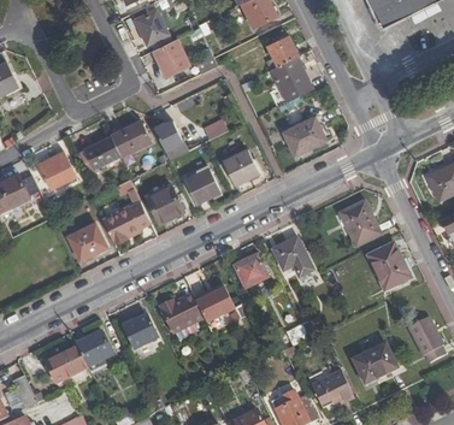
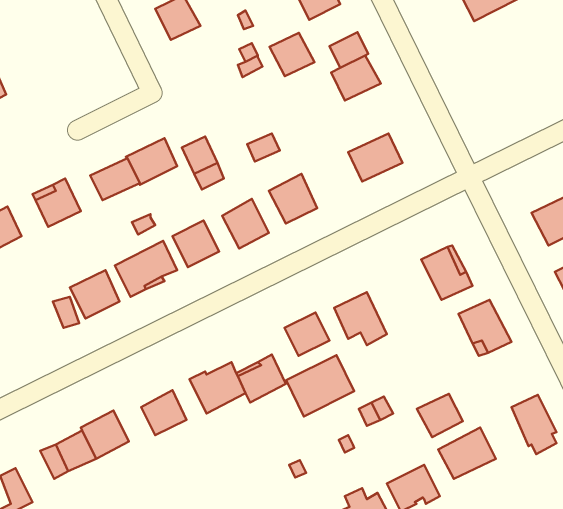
building: [153,39,188,72] -> [269,33,314,76]
building: none -> [286,355,354,416]
building: none -> [417,394,463,437]

